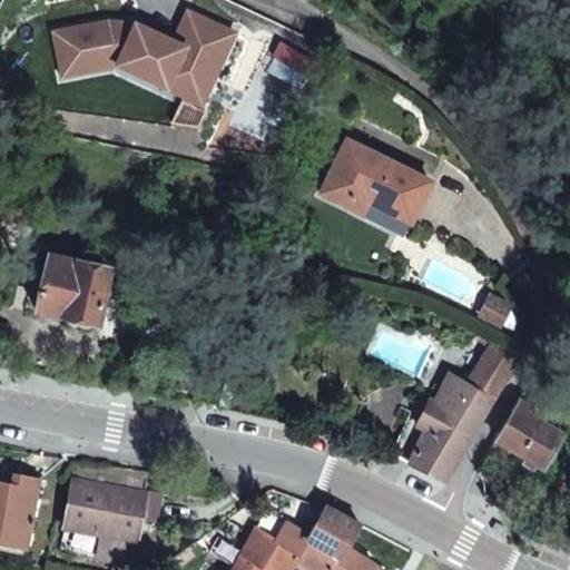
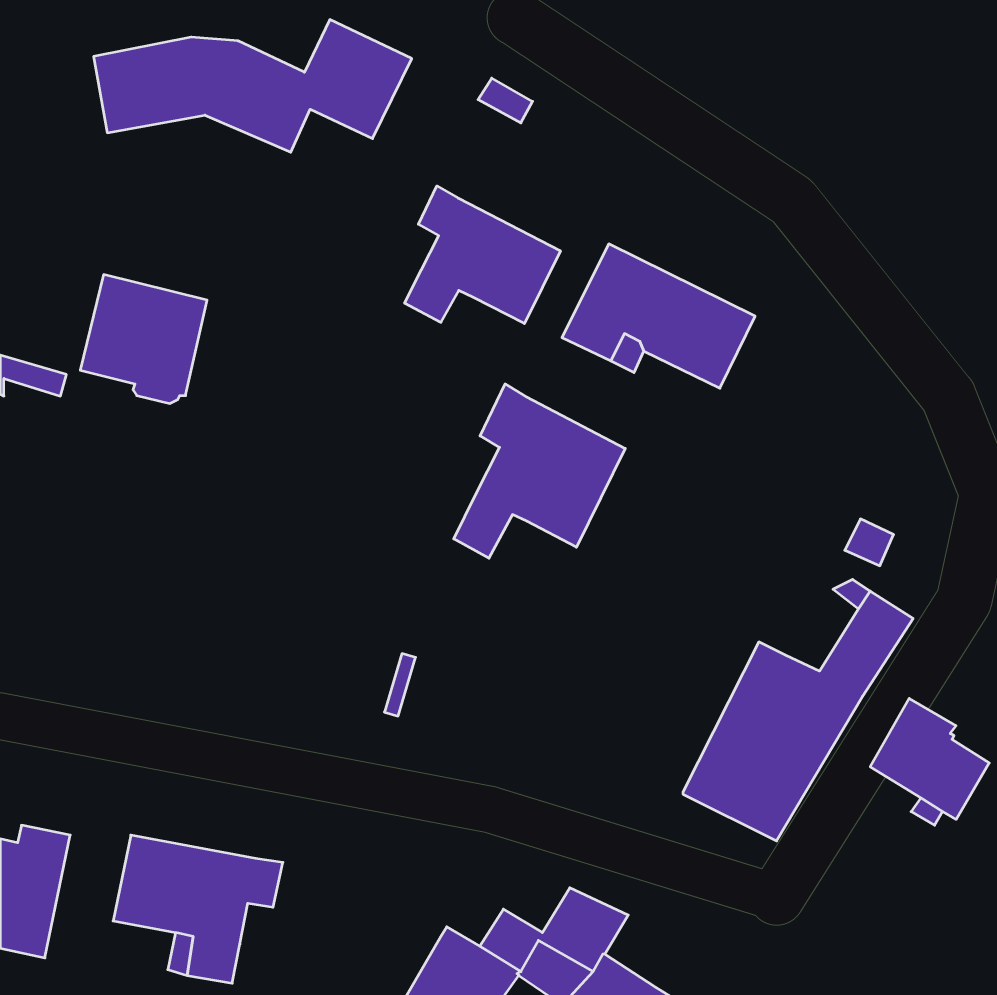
building: [166,63,213,105] -> none
building: none -> [405,186,560,324]
building: none -> [454,384,625,558]
building: [36,255,108,328] -> [80,275,207,403]

